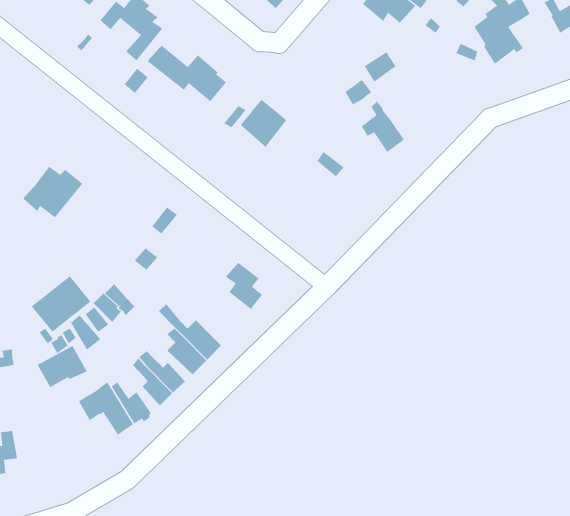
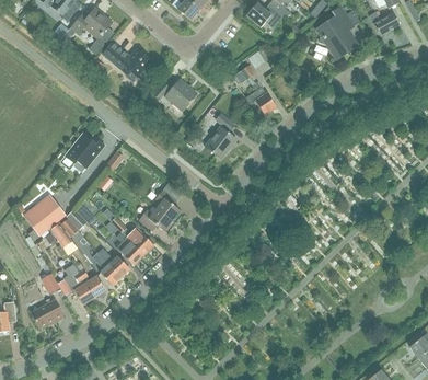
building: [23,166,83,218] -> [65,133,105,168]
building: none -> [206,127,236,159]
building: none -> [140,208,173,231]
building: [37,345,87,388] -> [31,299,65,327]

